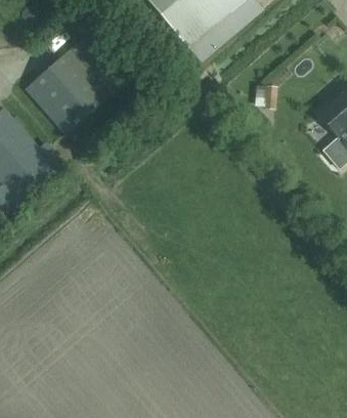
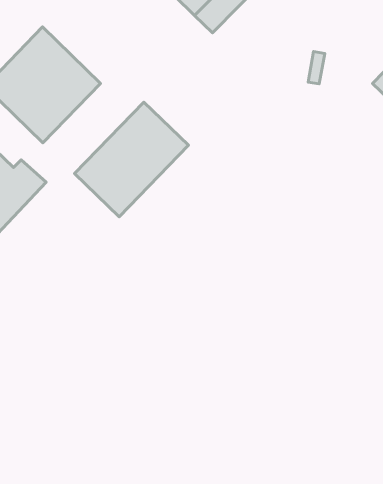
building: none -> [75,102,189,217]

